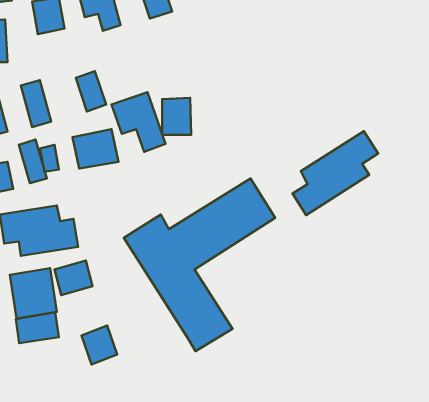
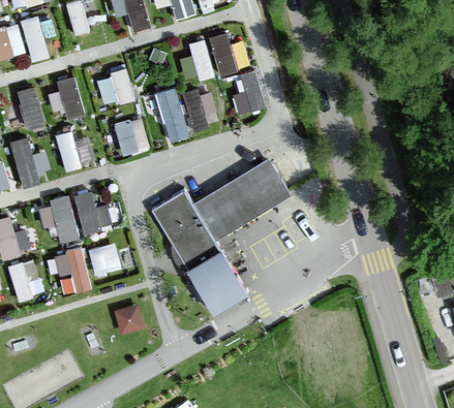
building: none -> [188,30,251,80]
building: none -> [232,71,265,114]
building: [293,131,378,215] -> none
building: [16,312,59,343] -> none

